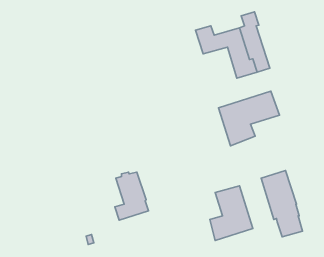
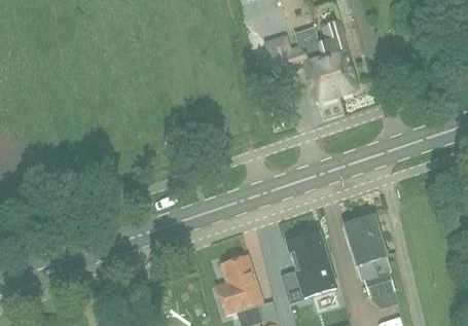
building: [218,91,279,146] -> none
building: [115,172,149,220] -> [221,255,262,314]

